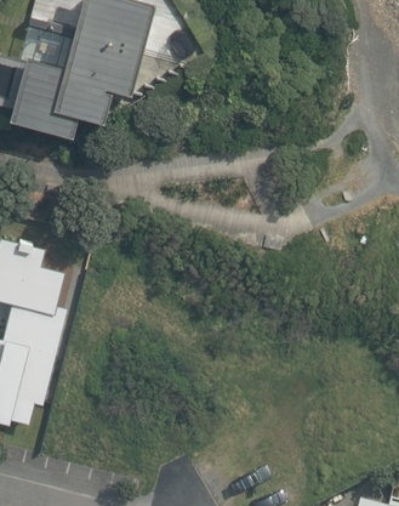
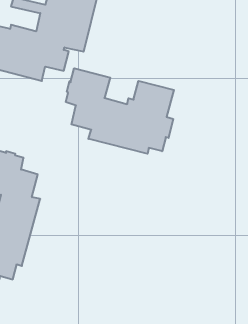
building: none -> [66,68,174,154]

